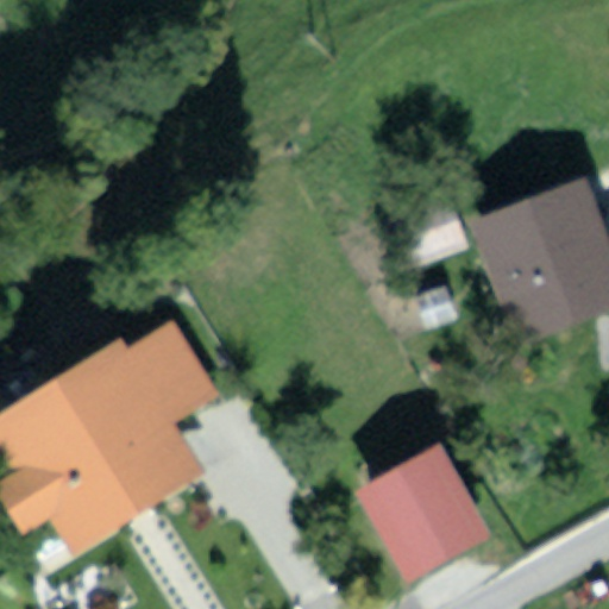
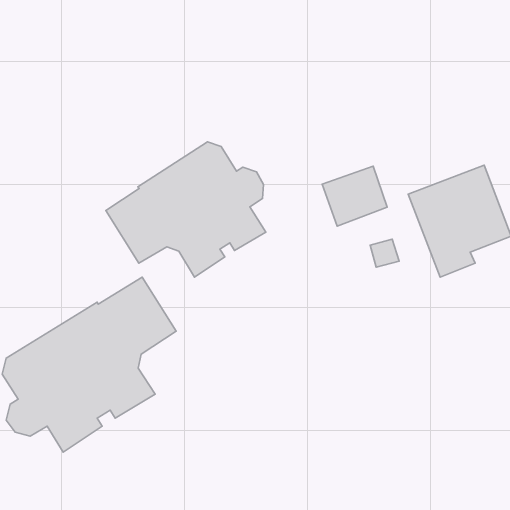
building: none -> [106,142,266,277]
building: [370,460,475,570] -> none

